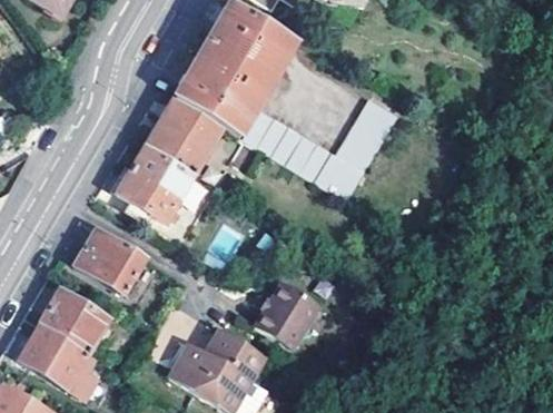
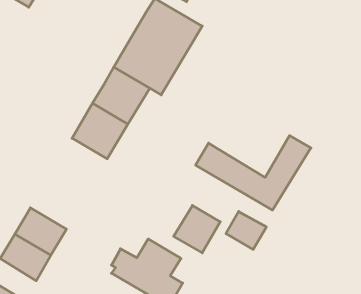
building: [244,98,401,199] -> [196,136,311,210]
building: [76,229,146,294] -> none
building: none -> [226,211,266,249]

